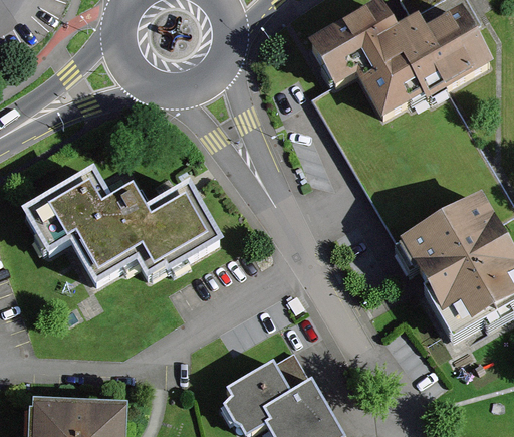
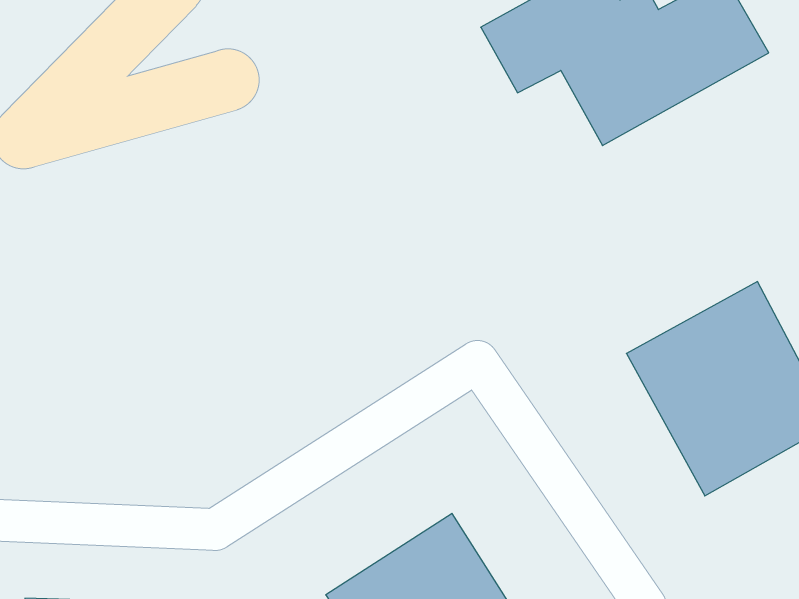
building: [18,169,216,282] -> none

